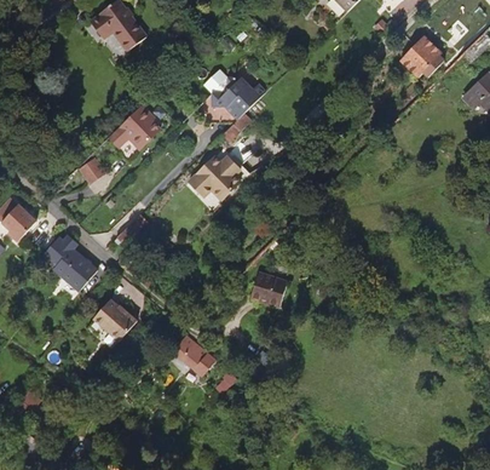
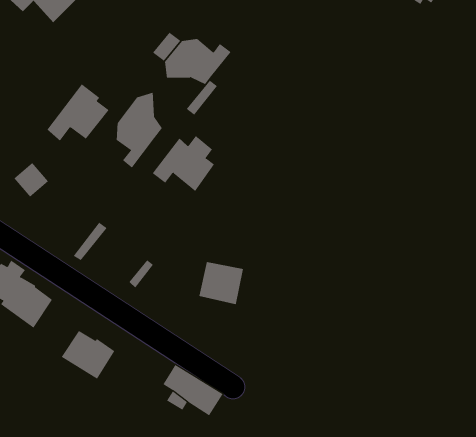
building: none -> [116,92,163,169]
building: [248,273,287,310] -> [199,262,244,305]

